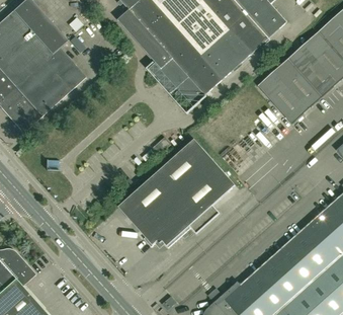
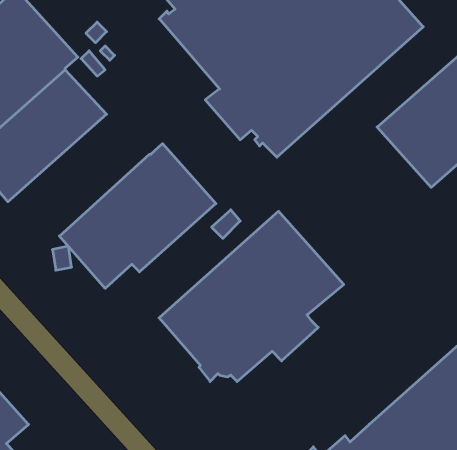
building: none -> [59,144,216,288]

